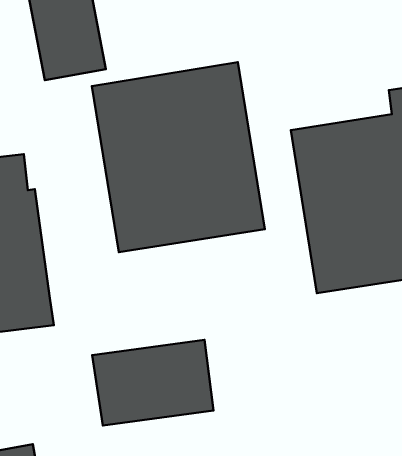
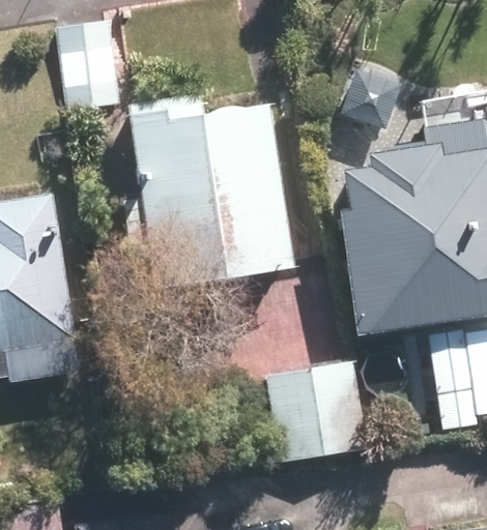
building: none -> [269,360,374,464]
building: [92,340,214,426] -> none

